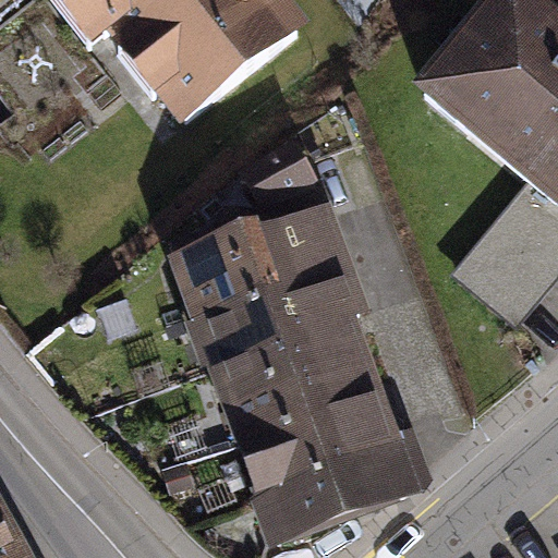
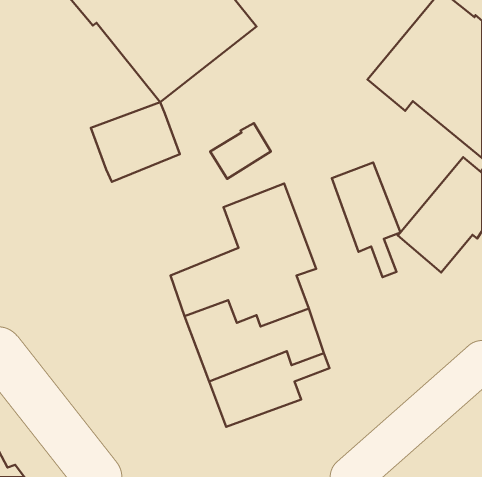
building: none -> [332,162,400,277]
building: [172,226,275,317] -> [91,102,180,182]
building: [260,424,422,536] -> none

